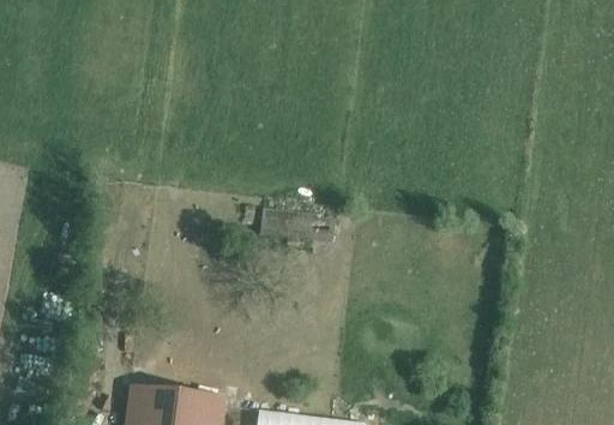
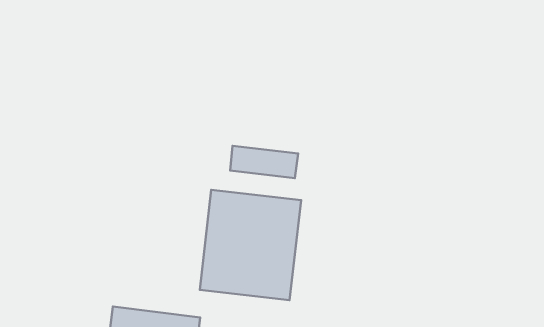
building: none -> [200,190,301,300]

